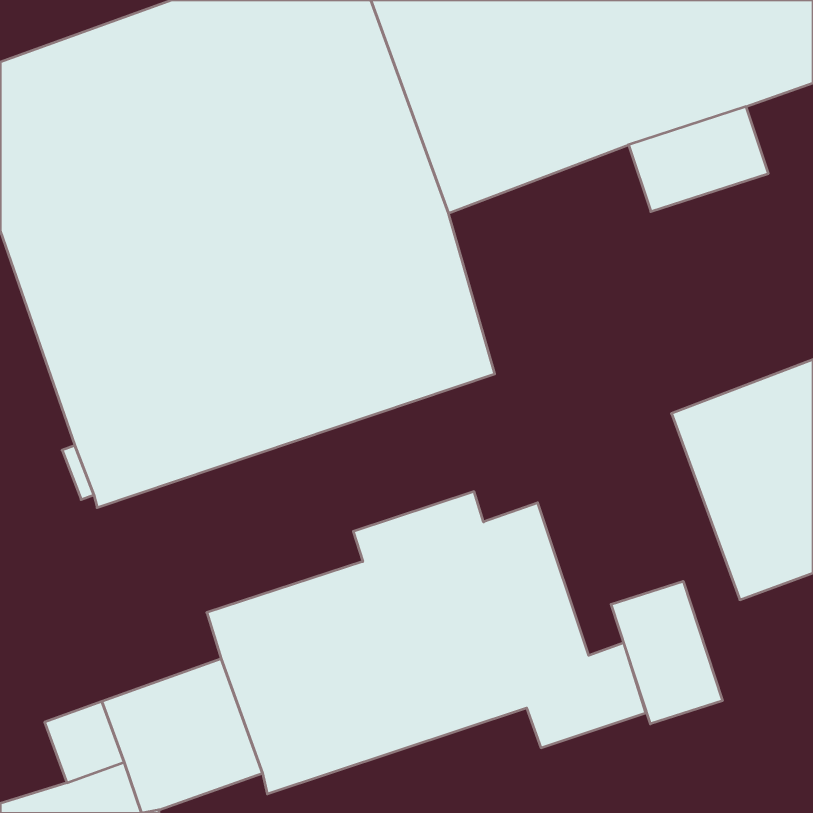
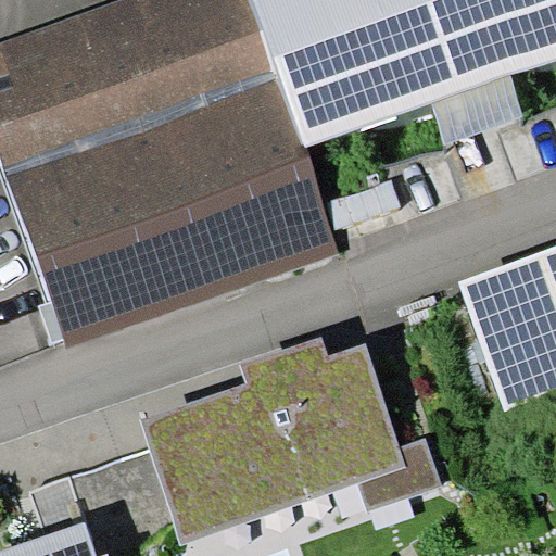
building: [611,581,722,724] -> none

